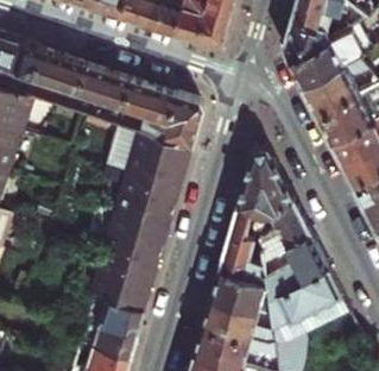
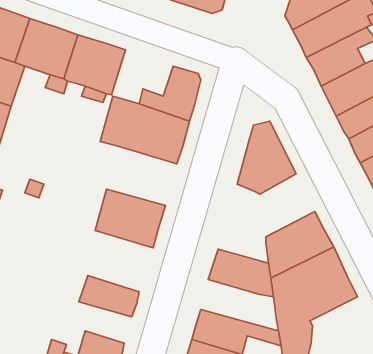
building: [118,80,176,131] -> none
building: [113,171,179,227] -> none
building: [258,197,310,257] -> none
building: [219,207,266,282] -> none
building: [90,251,157,309] -> none
building: [202,297,276,346] -> none
building: [80,319,137,358] -> none

